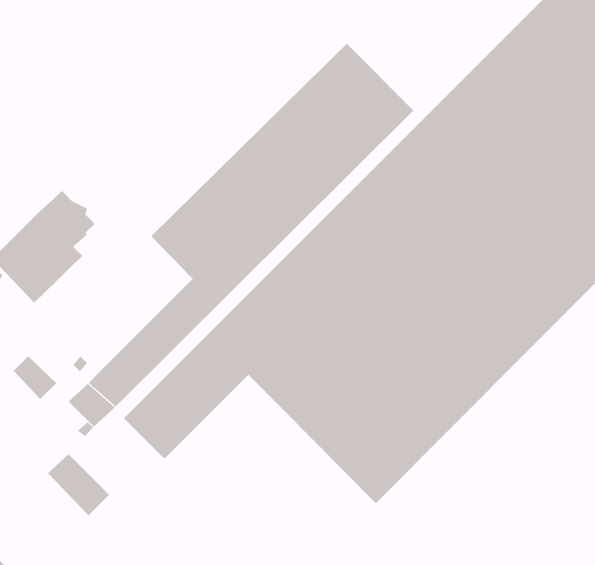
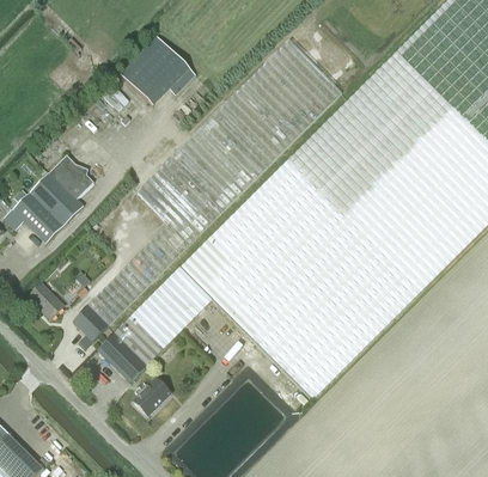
building: none -> [120,36,195,105]
building: [47,453,110,516] -> [98,332,147,381]
building: none -> [134,379,171,416]

